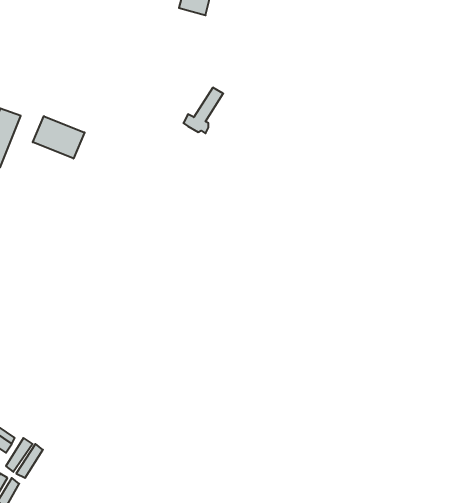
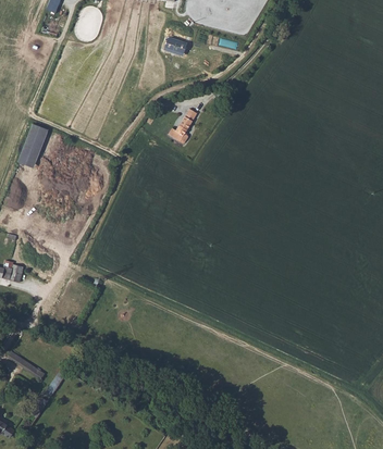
building: [33,116,85,159] -> none

